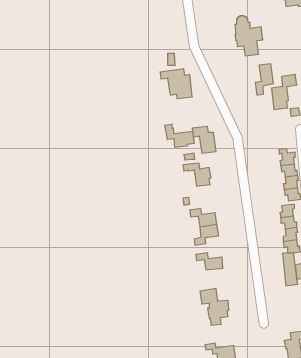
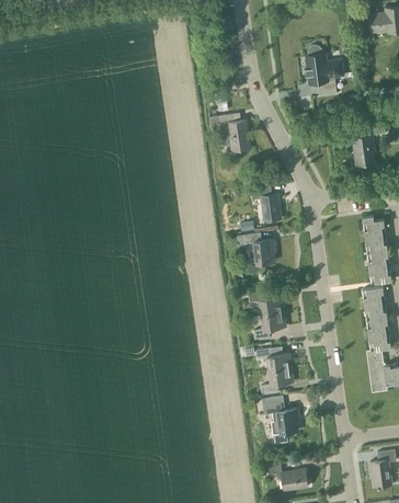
building: [256,64,273,95] -> none
building: [165,124,194,147] -> none
building: none -> [261,369,293,396]

